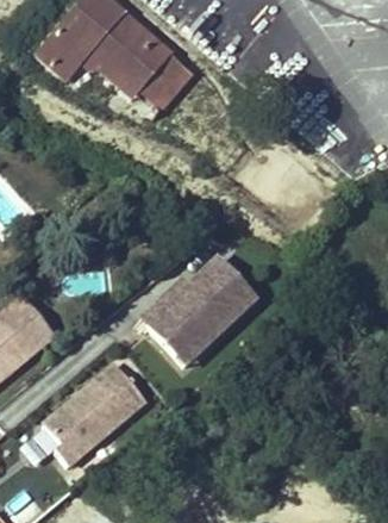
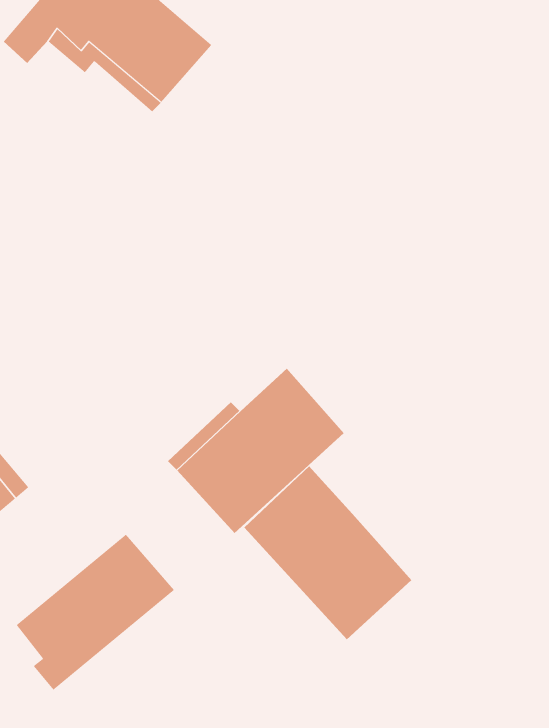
building: [138,54,192,110] -> none
building: none -> [244,466,412,640]

